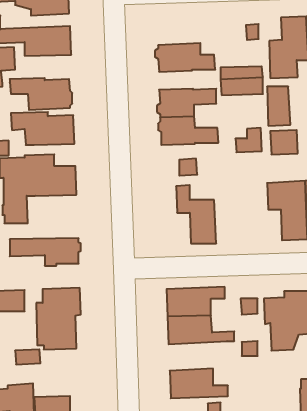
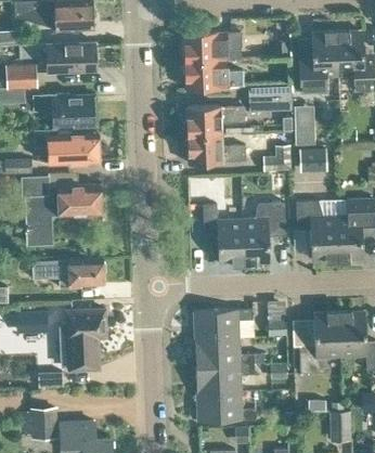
building: none -> [180,33,242,62]
building: none -> [242,203,285,264]
building: none -> [195,364,255,394]

